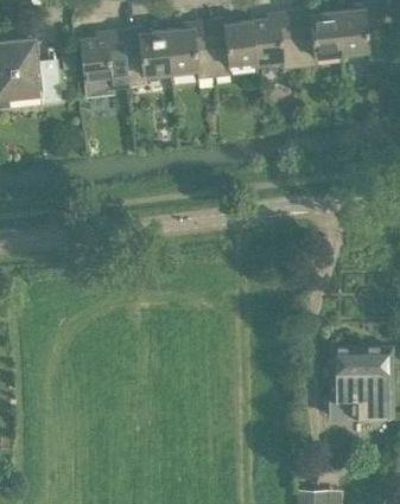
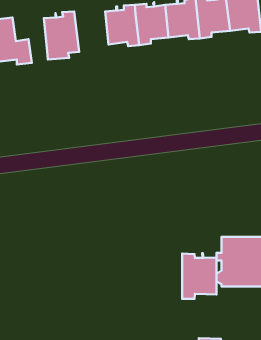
building: [121,26,170,87] -> none
building: none -> [182,253,217,299]

